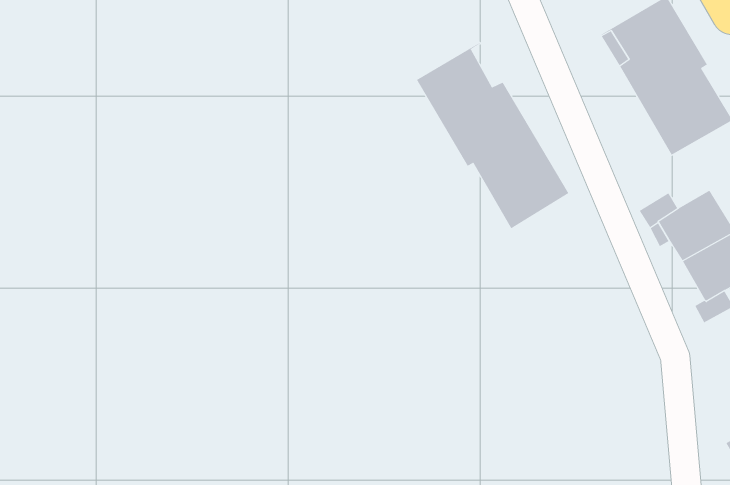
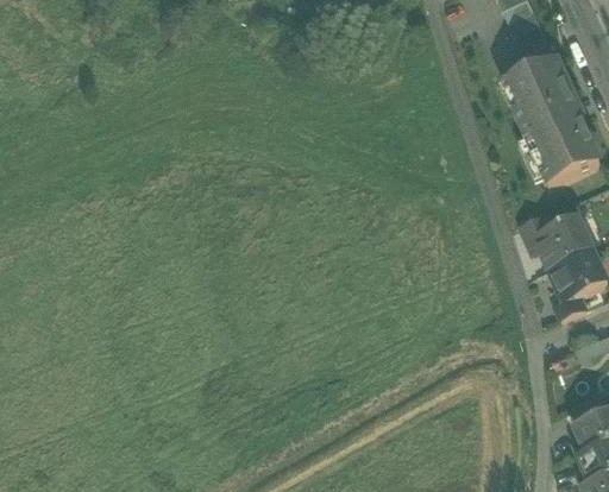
building: [416,42,569,229] -> none

